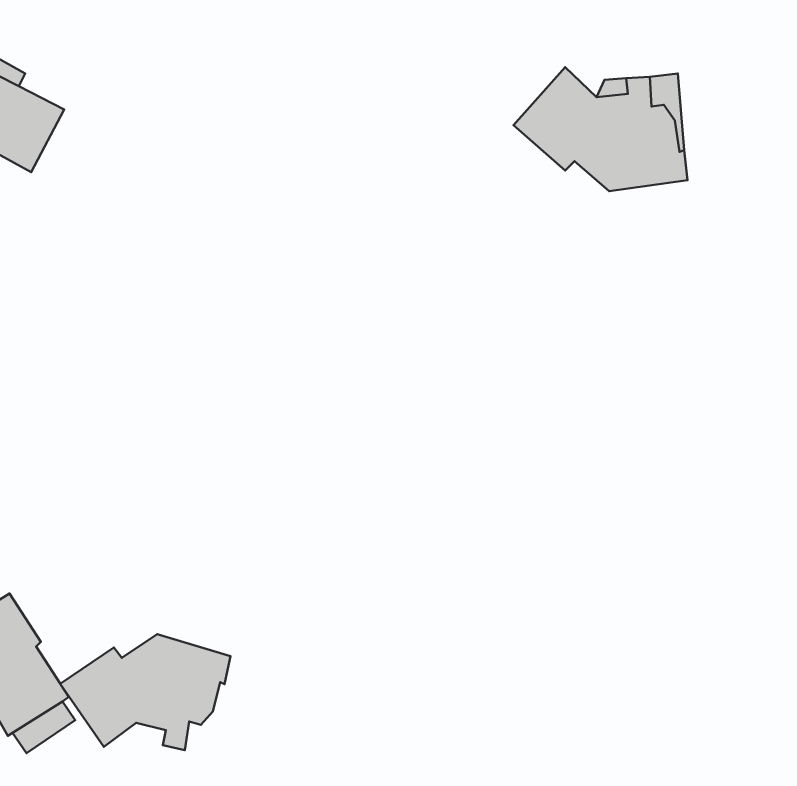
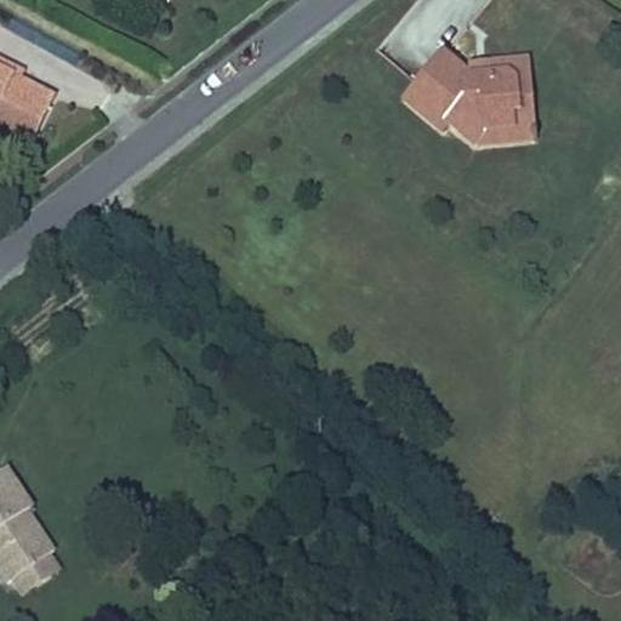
building: [60,634,230,750] -> none

